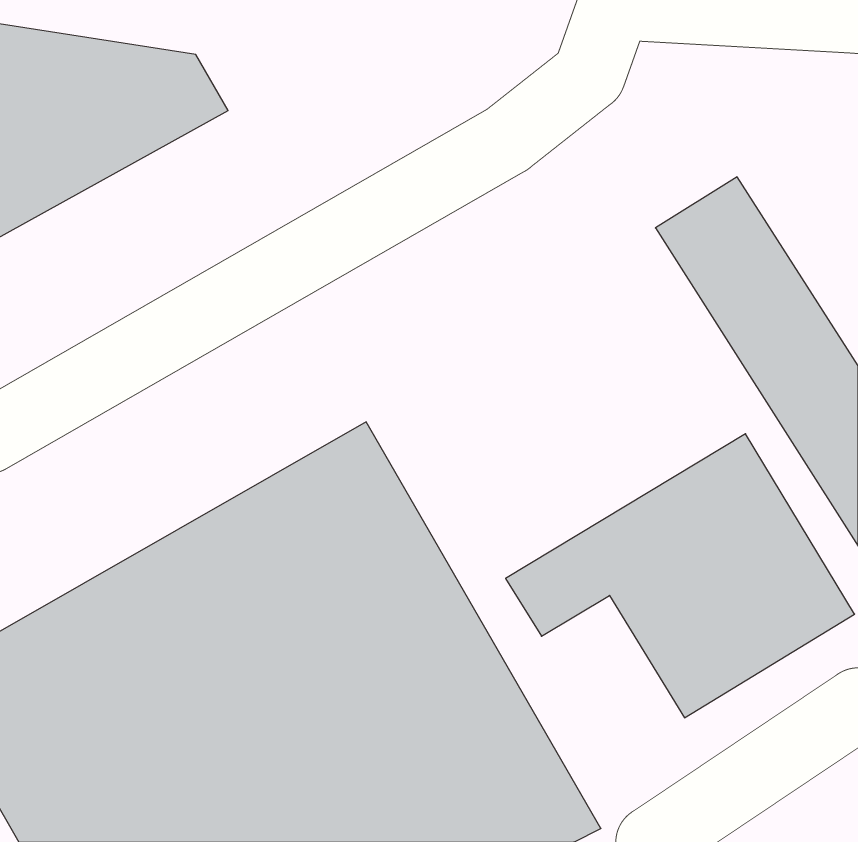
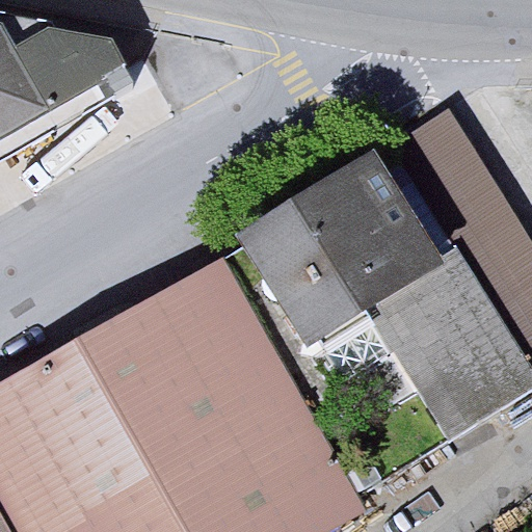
building: none -> [236,159,436,347]

